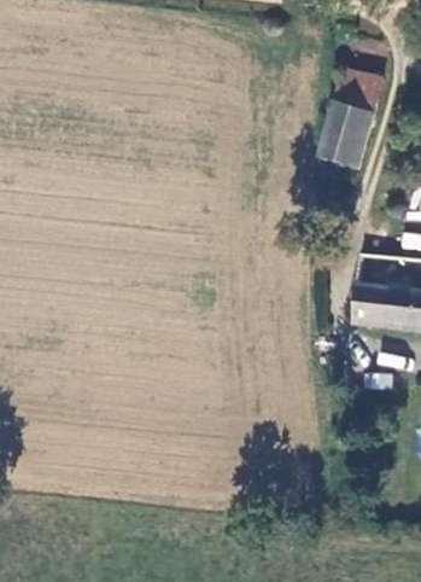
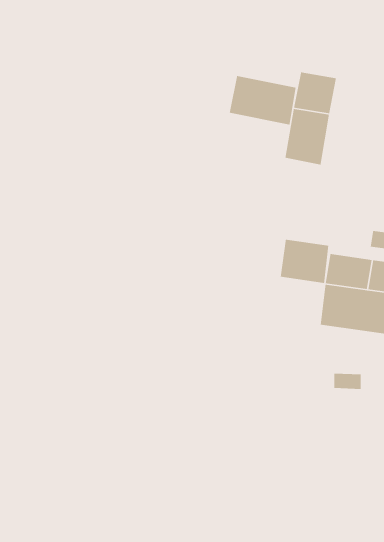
building: none -> [229,75,296,126]
building: none -> [280,239,329,284]

